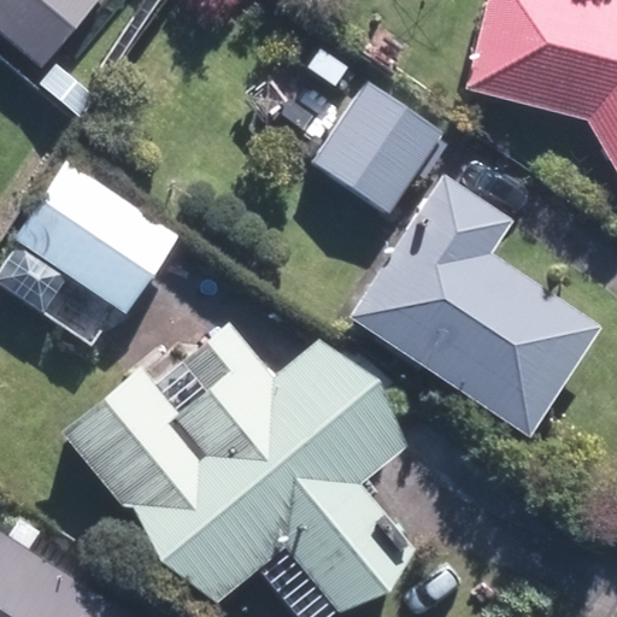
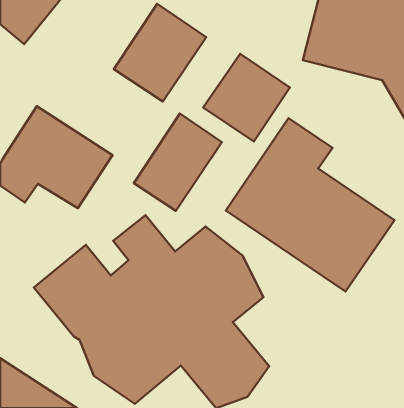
building: none -> [114,4,206,102]
building: none -> [134,113,222,211]

